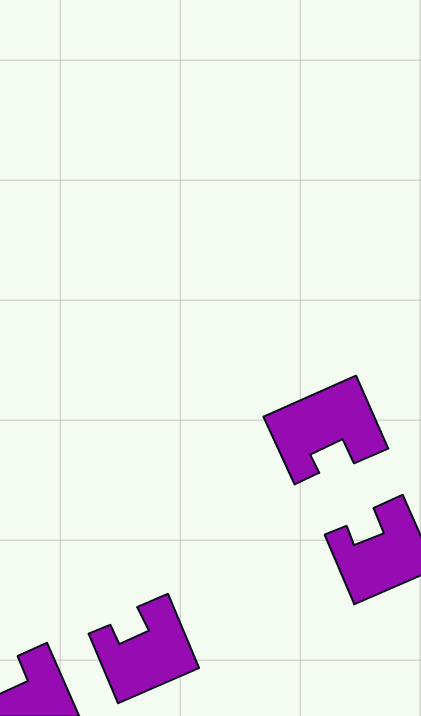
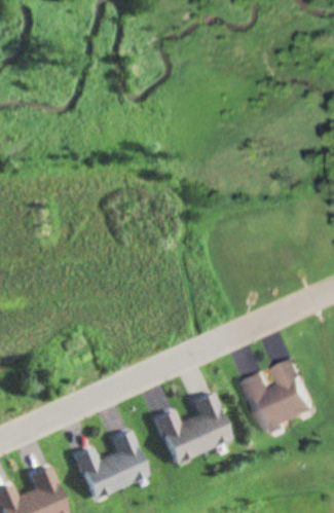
building: [264,376,388,485] -> none
building: none -> [155,390,233,466]

